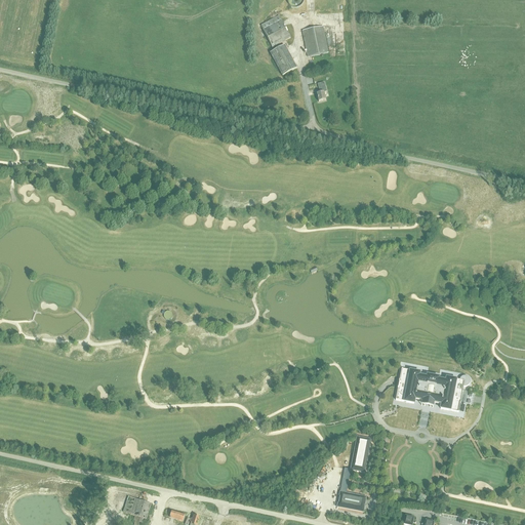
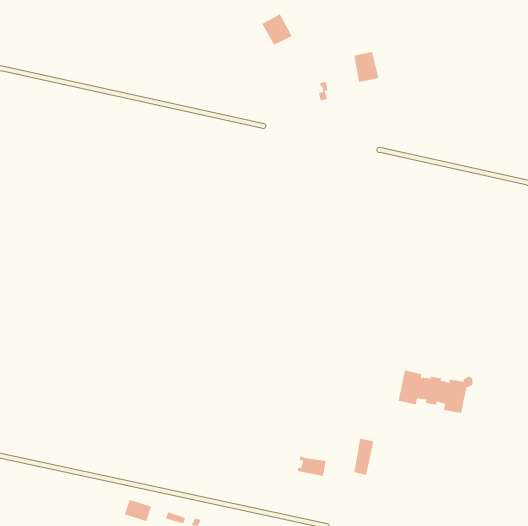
building: [302,25,328,55] -> [353,51,379,82]
building: [270,44,296,74] -> none
building: [336,490,366,511] -> [297,456,327,476]

